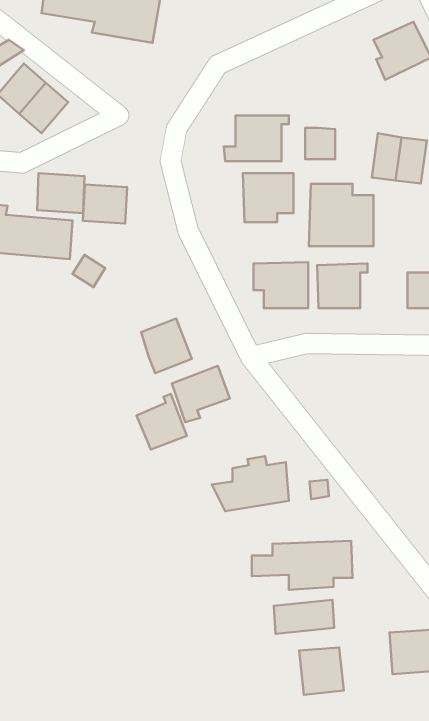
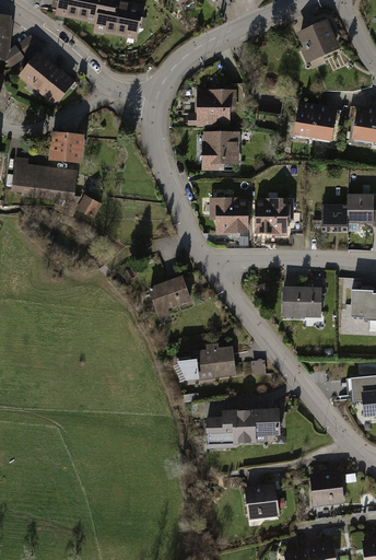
building: [305,128,335,159] -> none
building: [309,184,373,246] -> none
building: [83,185,127,223] -> none
building: [141,319,192,373] -> none
building: none -> [282,288,321,316]
building: [136,394,187,450] -> none
building: [274,600,334,634] -> none

